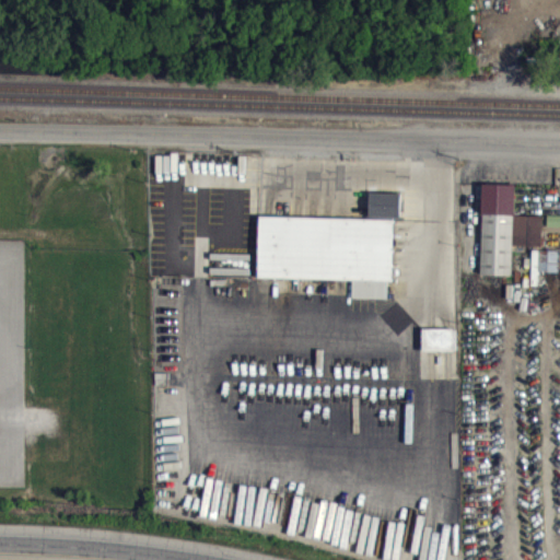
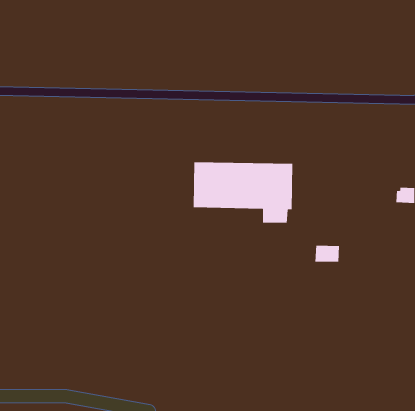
building: [479,184,541,276] -> none
building: [368,192,400,219] -> none

